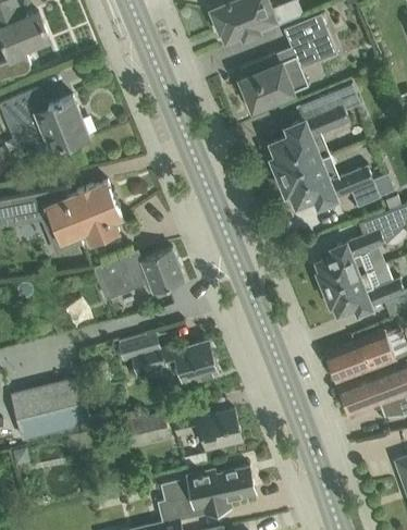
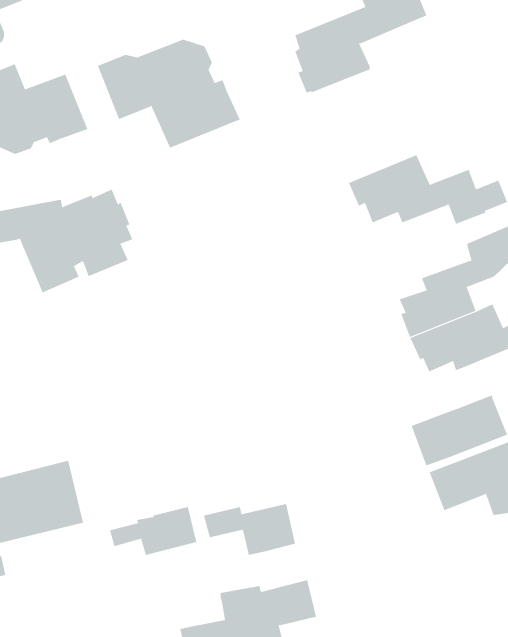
building: none -> [97,39,240,148]
building: [271,85,360,176] -> none
building: [95,250,185,299] -> none
building: [120,336,219,386] -> none

